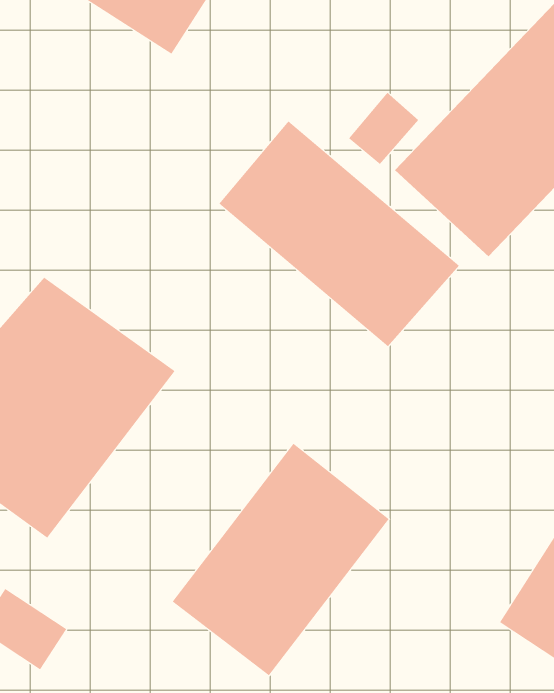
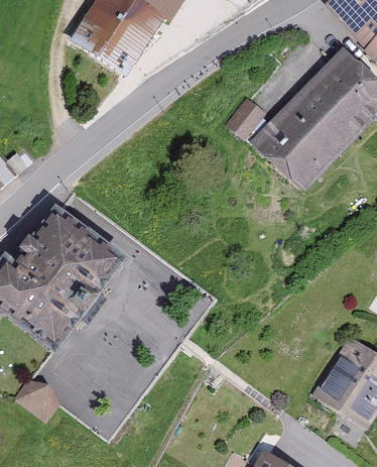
building: [218,120,460,347] -> none
building: [172,443,389,676] -> none

